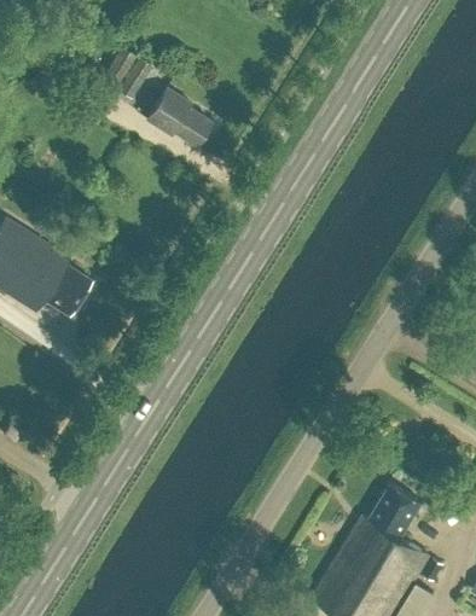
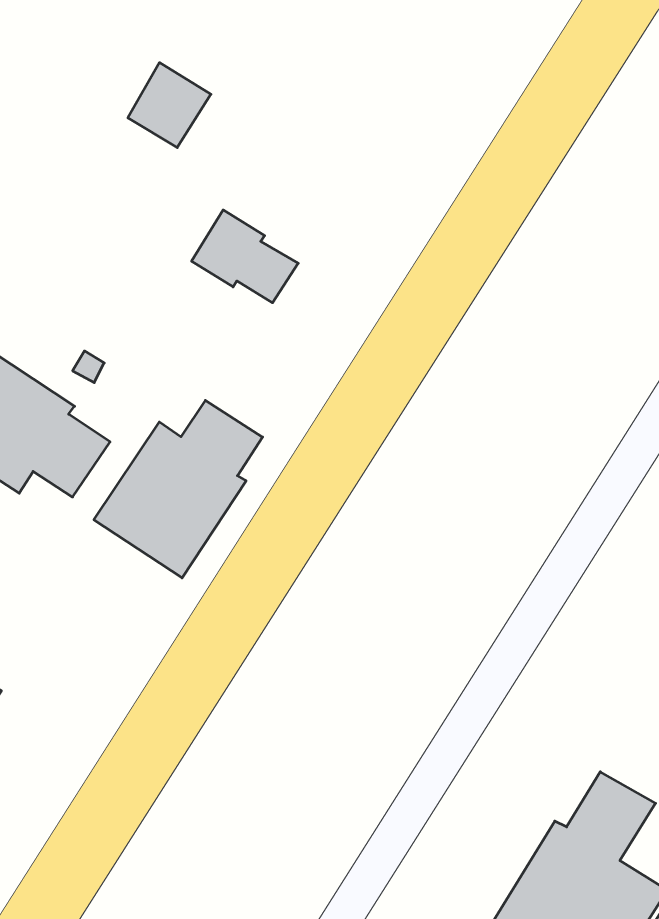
building: [146,88,211,145] -> [192,210,298,303]
building: none -> [94,400,263,578]

